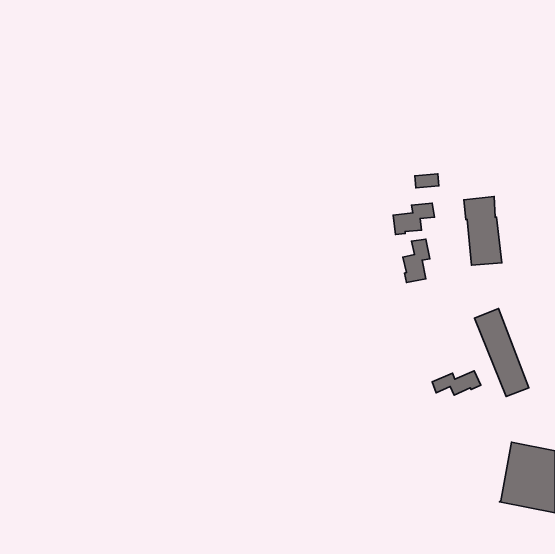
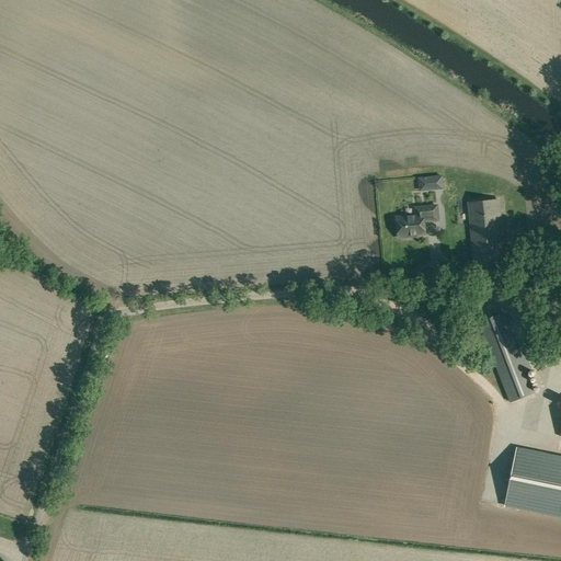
building: [403,239,430,283] -> none
building: [432,371,481,395] -> none

